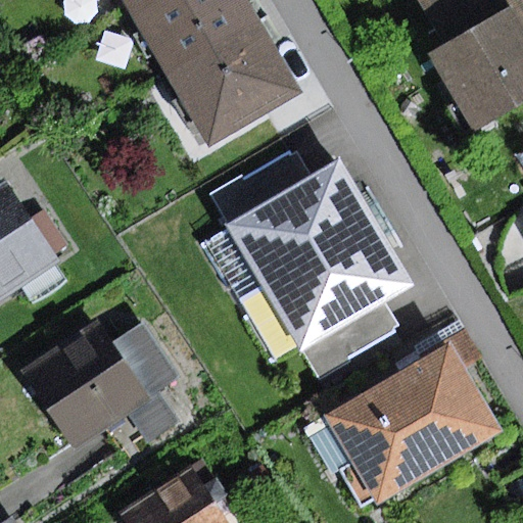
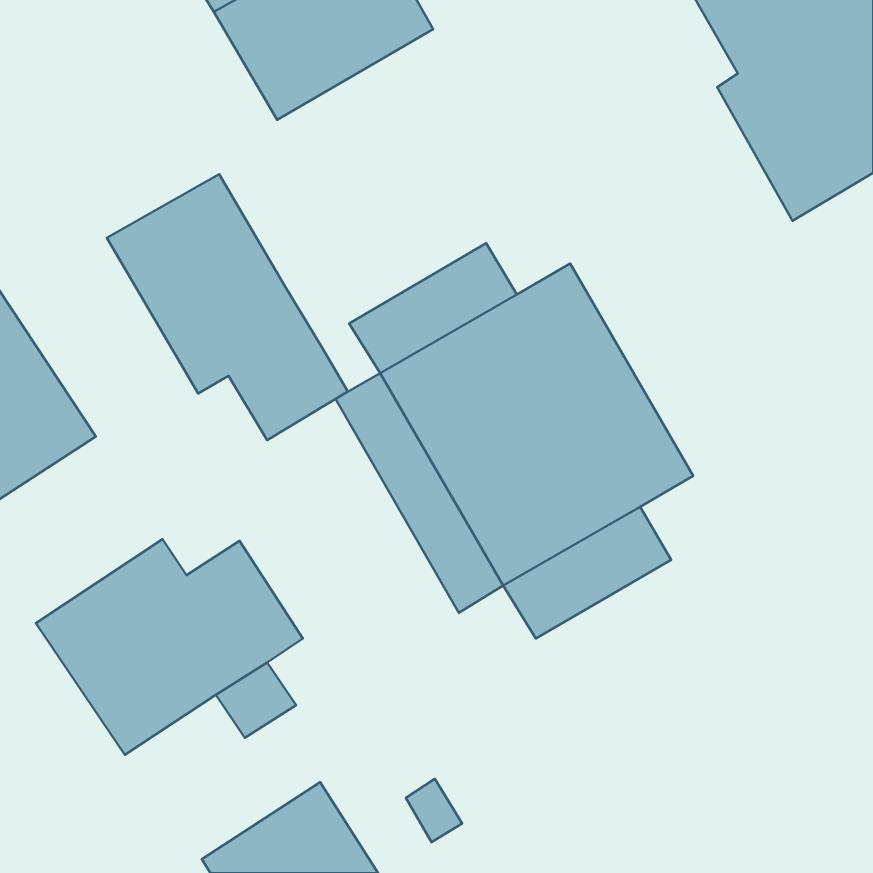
building: [165,17,303,148] -> none
building: none -> [107,174,348,440]
building: [326,343,503,506] -> none

